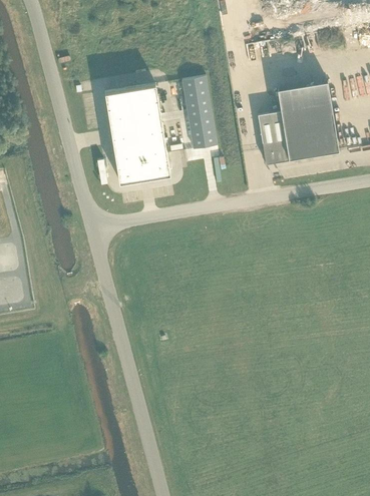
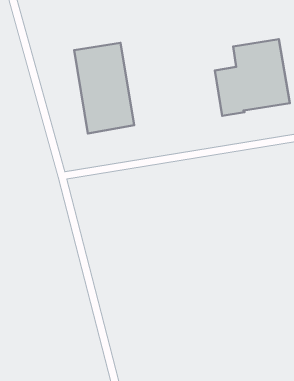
building: [180,78,216,151] -> none

